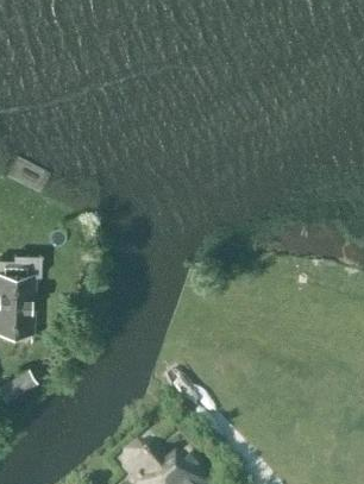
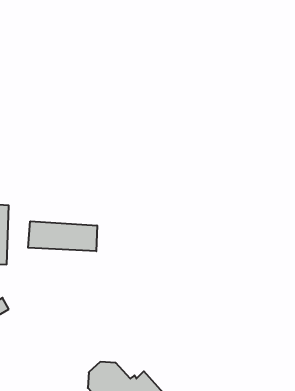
building: none -> [28,221,97,251]

